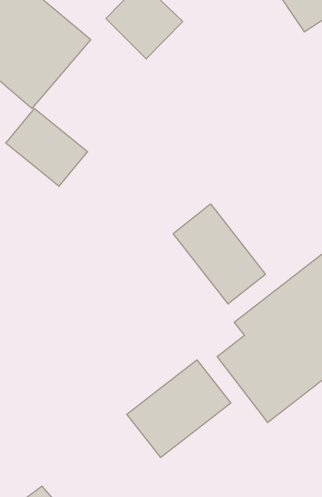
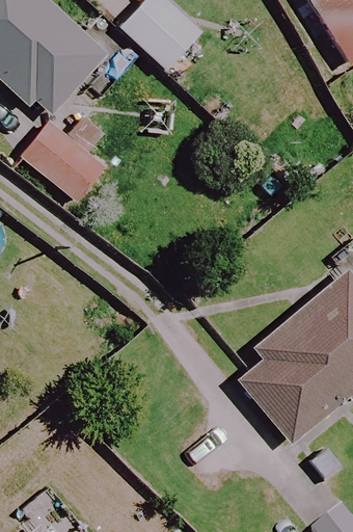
building: [173,204,265,304] -> none
building: [127,360,231,457] -> none

